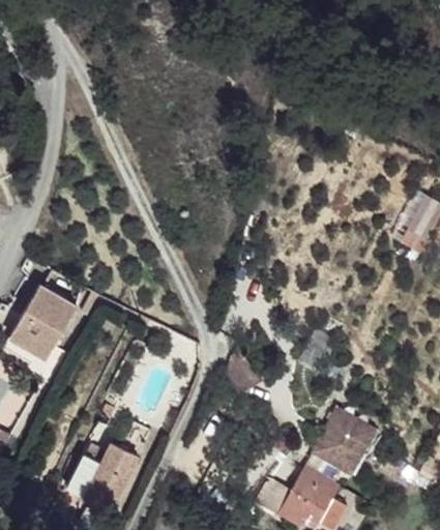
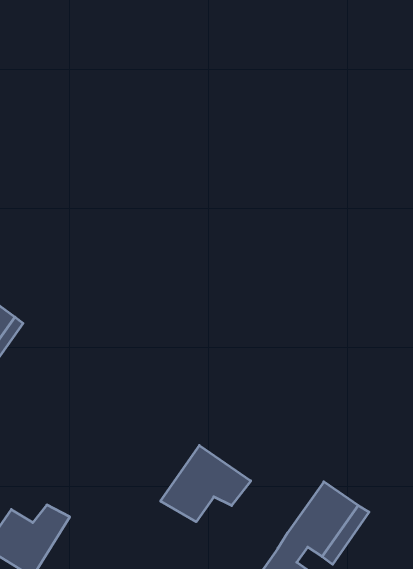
building: none -> [161,445,251,522]

